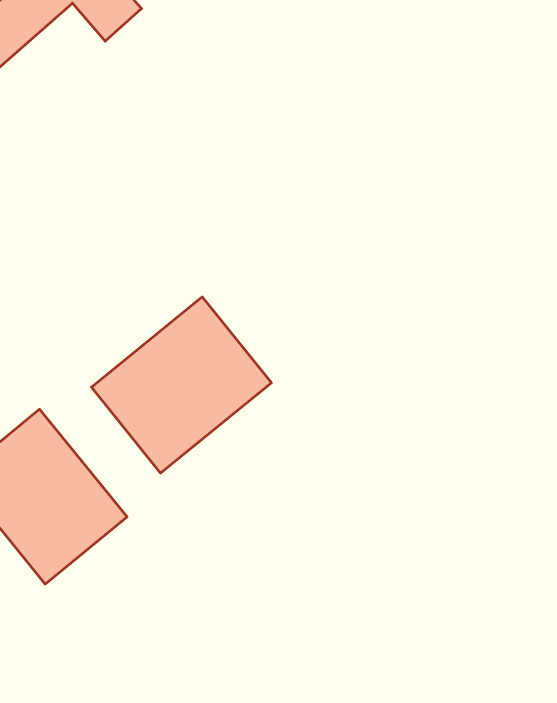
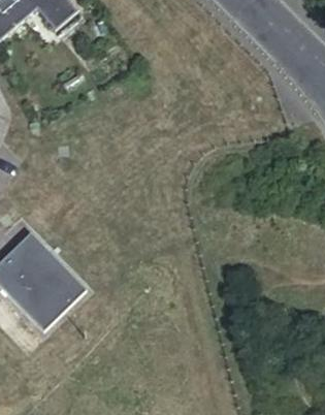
building: [91,297,271,473] -> none

